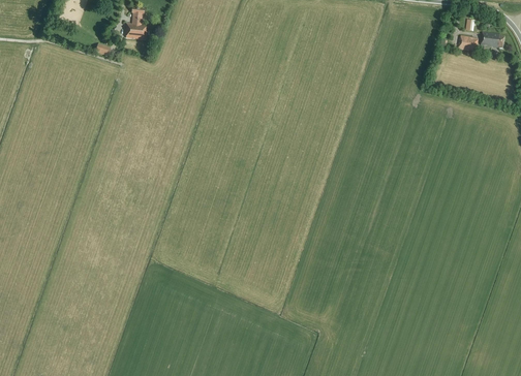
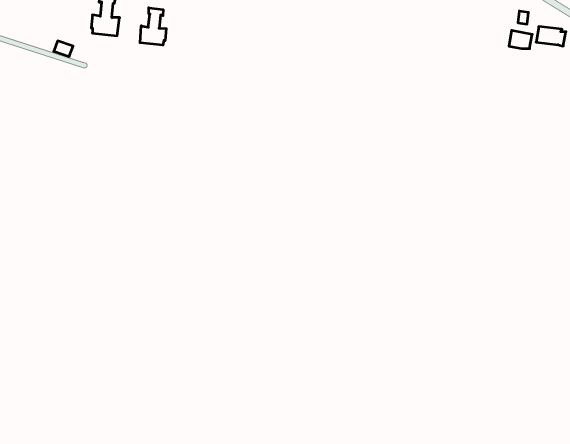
building: none -> [140,8,166,45]

